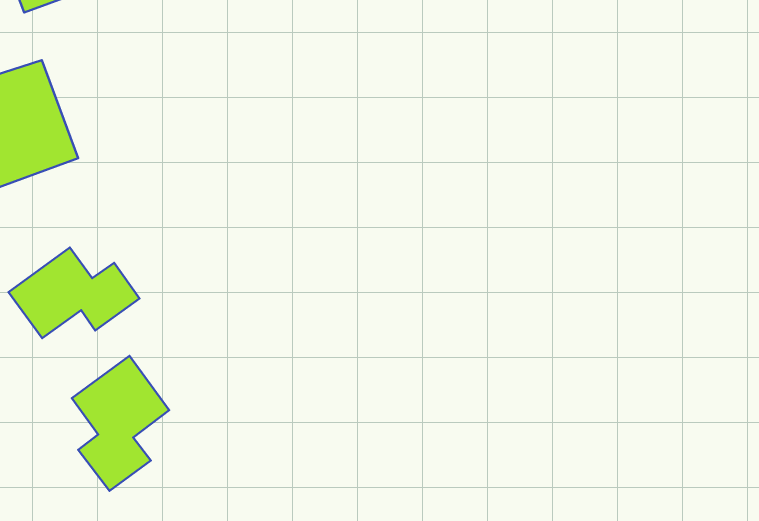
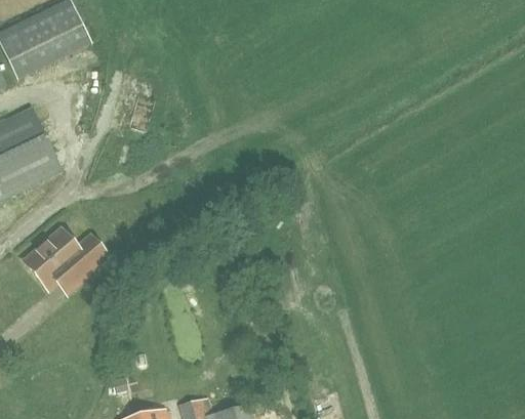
building: [72,356,169,491] -> none

